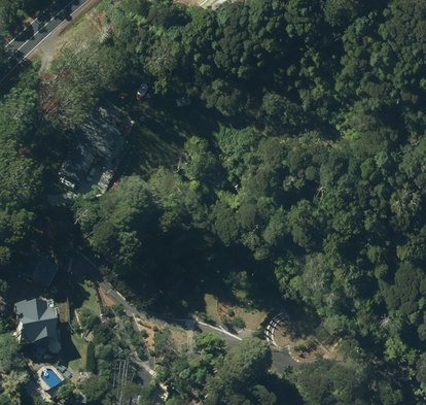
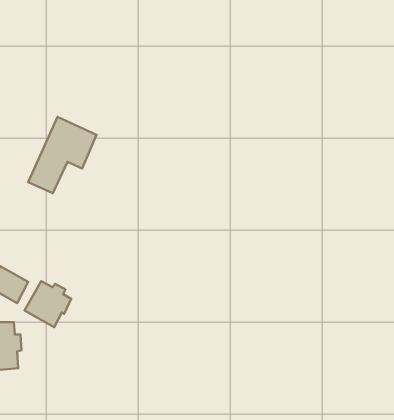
building: none -> [24,281,71,327]

